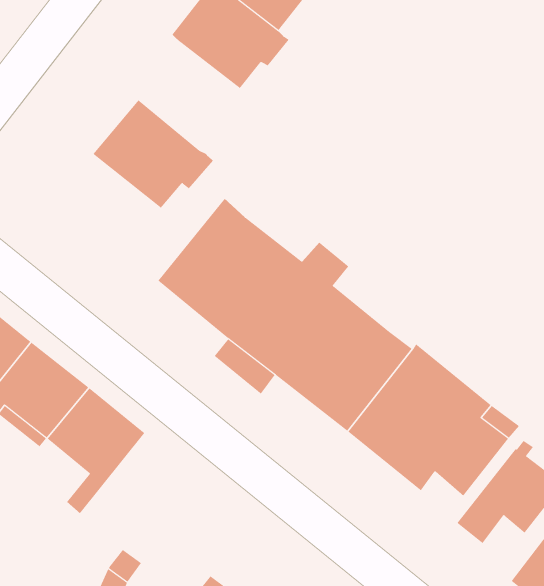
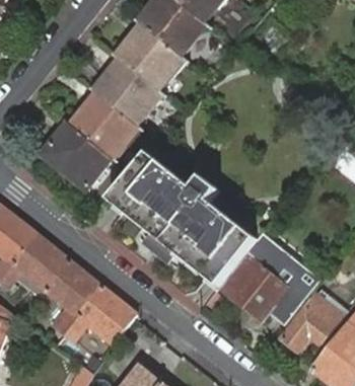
building: none -> [93,60,159,124]
building: none -> [42,122,111,189]
building: none -> [64,287,135,343]

